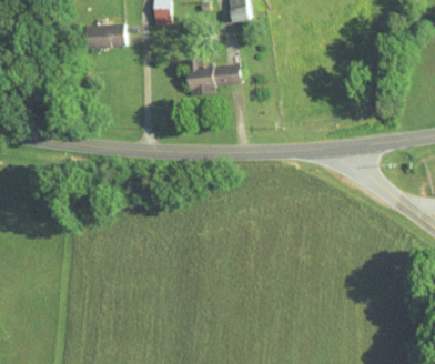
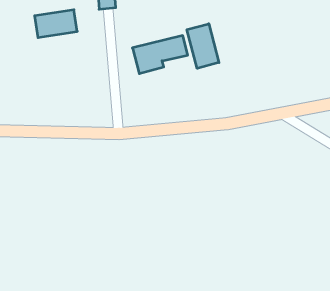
building: none -> [187,24,219,68]

